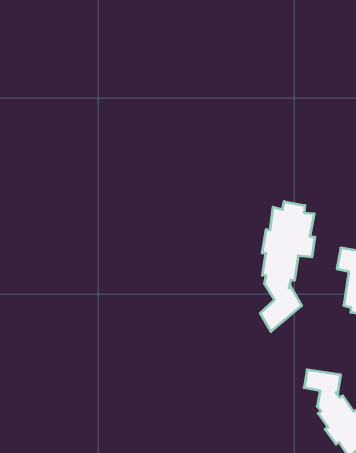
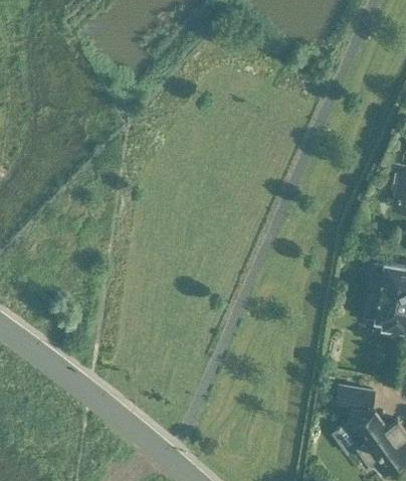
building: [260,201,315,332] -> none

